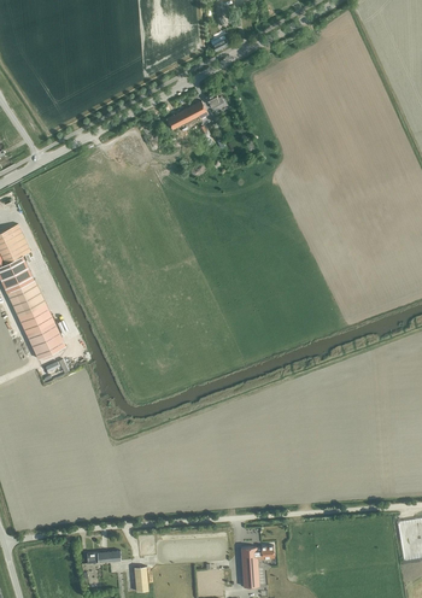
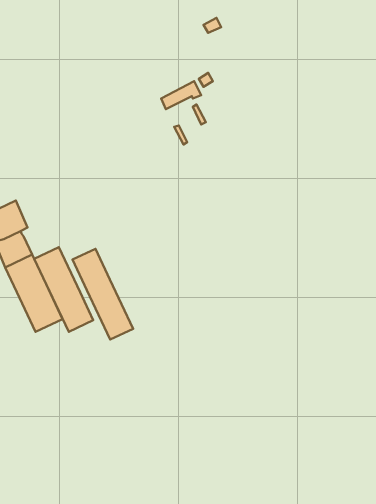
building: none -> [34,247,93,332]
building: none -> [73,249,133,339]

